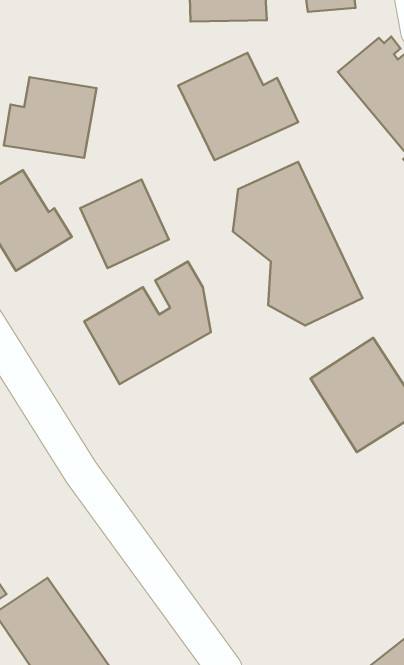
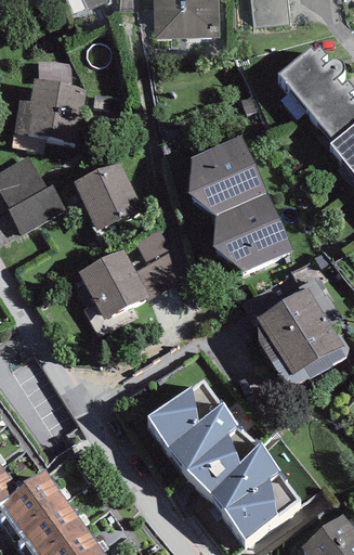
building: [178,53,298,160] -> none
building: none -> [147,376,298,542]

